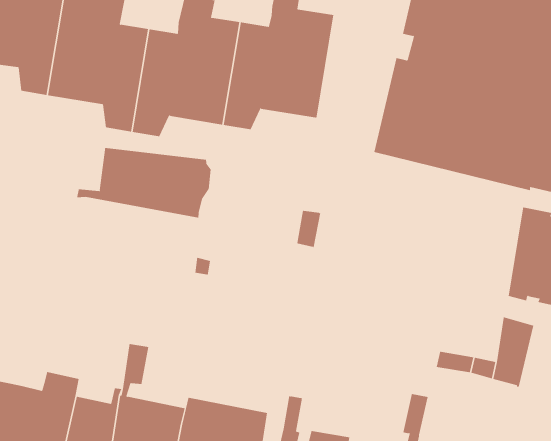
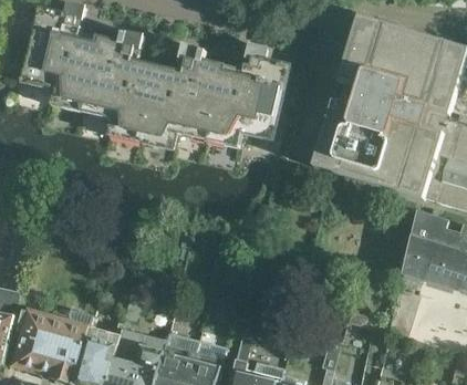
building: [76,147,211,218] -> none

